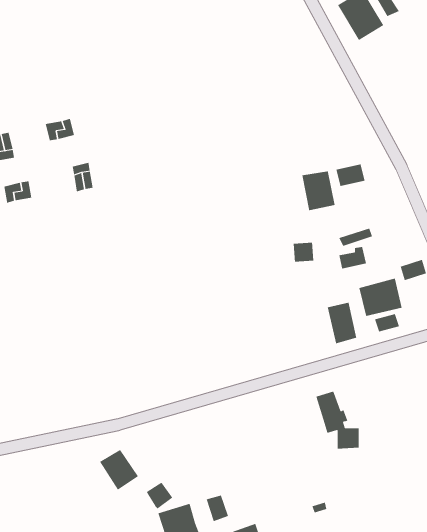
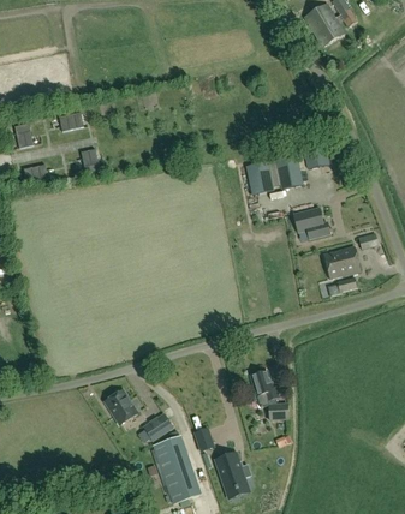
building: none -> [245,162,273,196]
building: [327,302,357,344] -> none
building: [315,391,360,449] -> [250,371,287,420]

